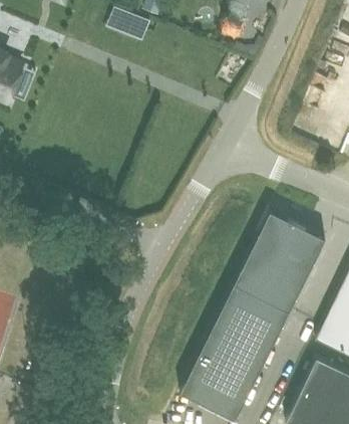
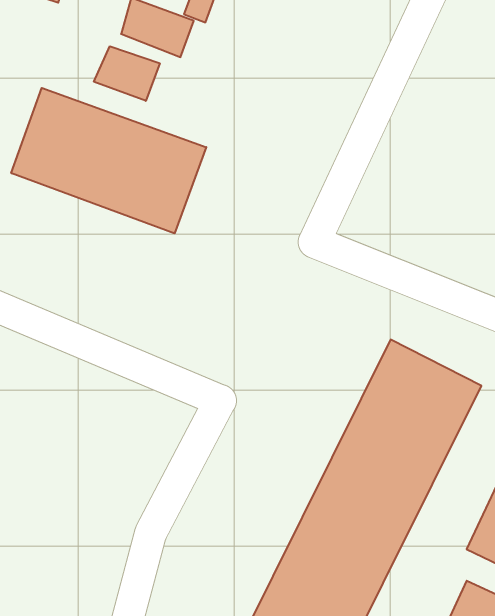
building: none -> [94,46,160,101]
building: none -> [11,88,206,233]

